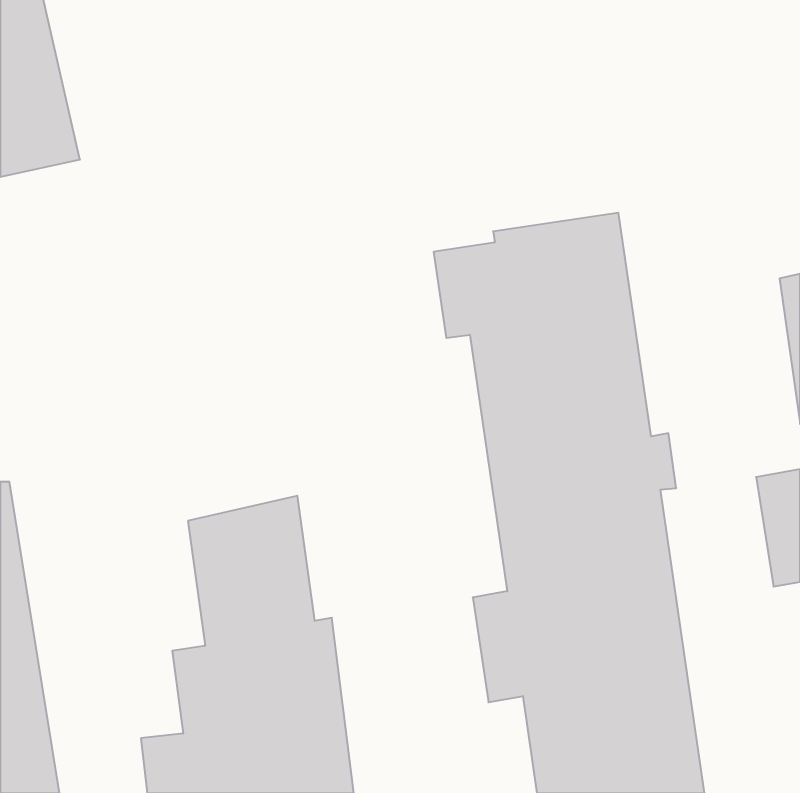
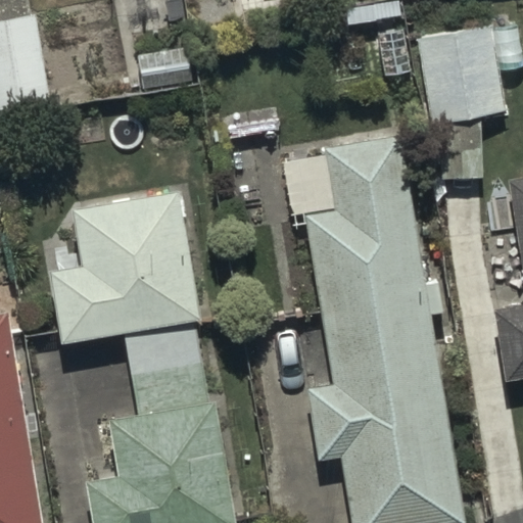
building: none -> [413,23,505,182]
building: none -> [43,193,201,348]

